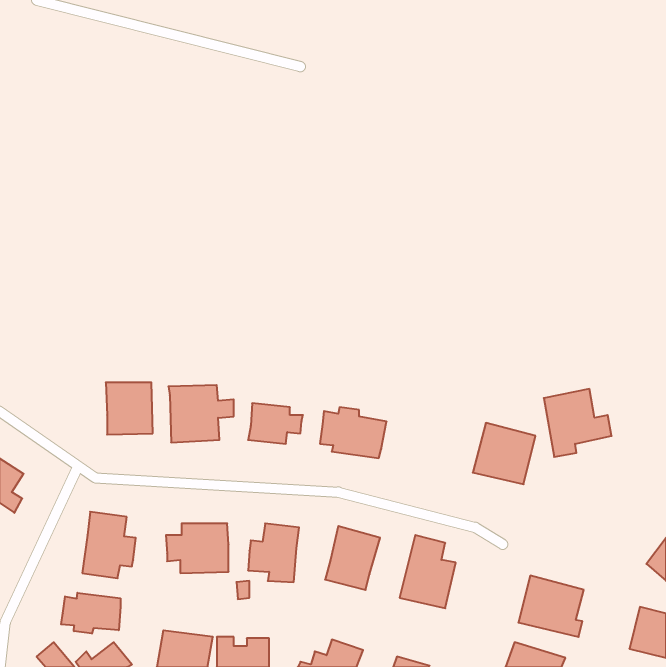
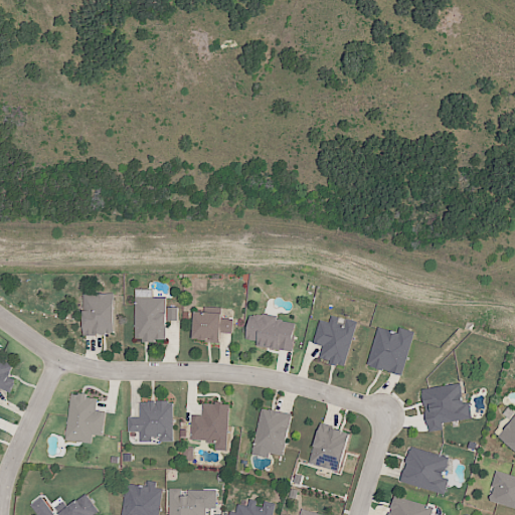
building: [544,389,612,457] -> [419,380,472,433]
building: none -> [309,319,353,364]
building: [61,593,121,634] -> none

